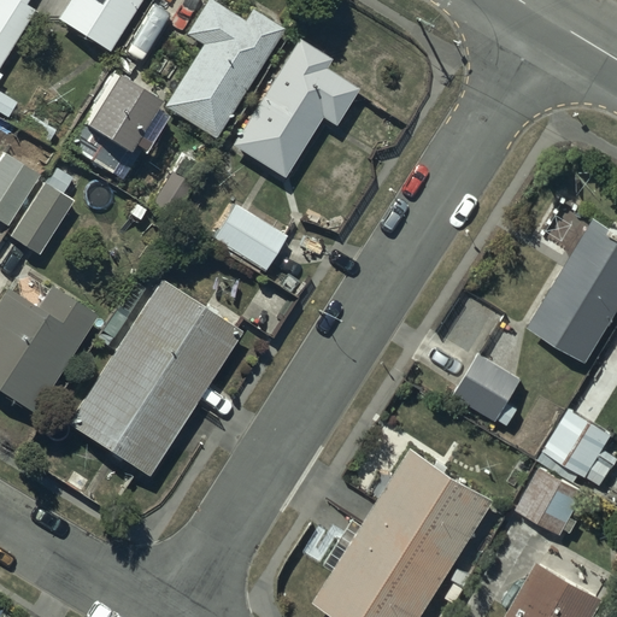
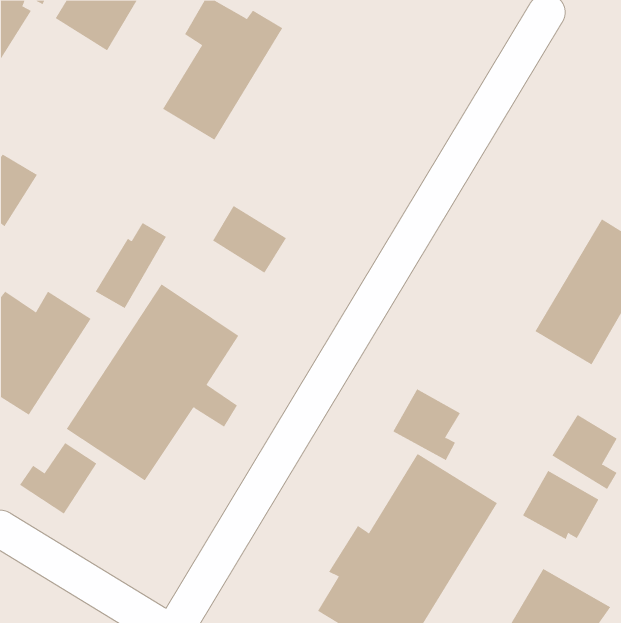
building: [231,40,358,177] -> none
building: [83,72,166,153] -> none
building: [10,168,81,253] -> [95,222,167,309]
building: [457,354,524,425] -> [392,389,461,461]
building: none -> [19,442,97,514]

